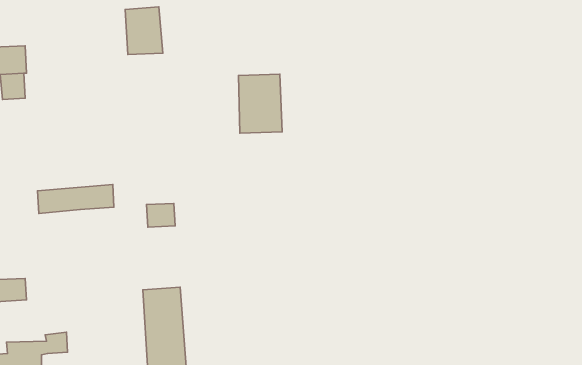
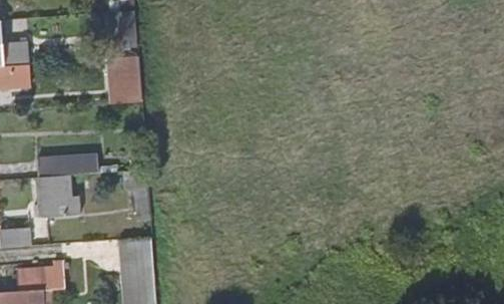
building: [239,74,282,133] -> [107,54,142,101]
building: none -> [38,174,79,218]

